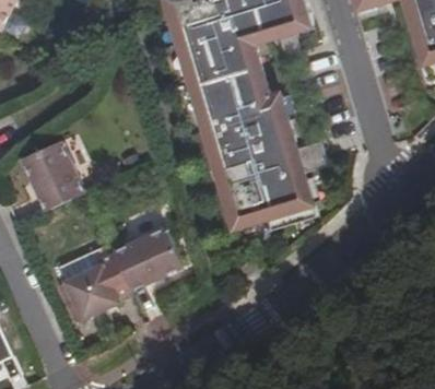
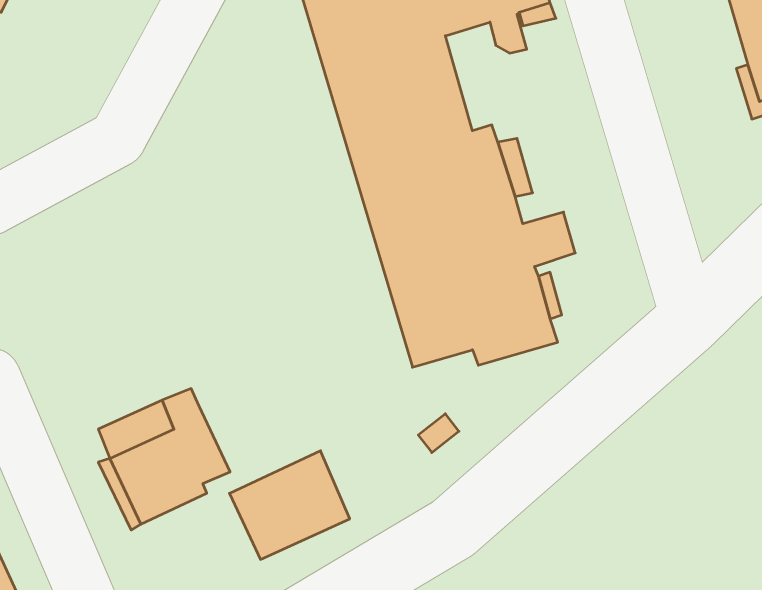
building: [21,139,84,209] -> none
building: [115,226,183,287] -> [229,451,350,559]

